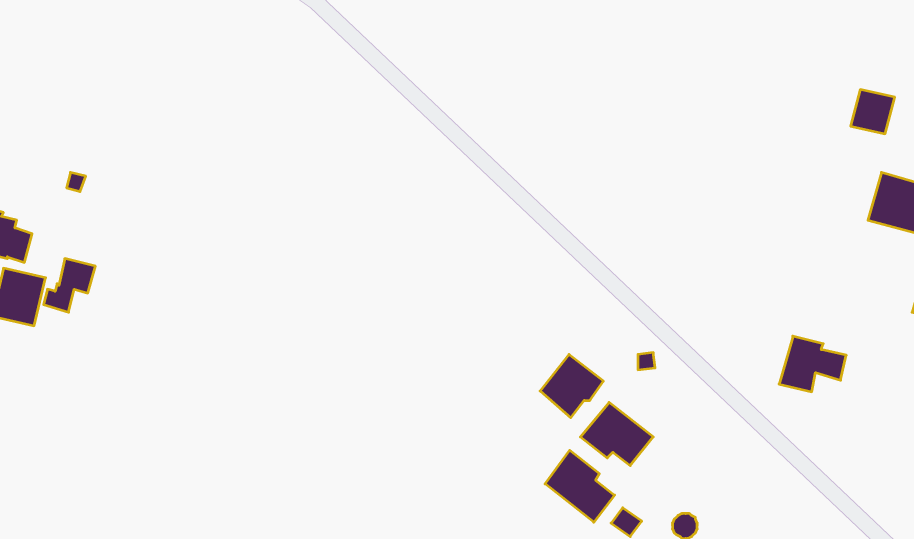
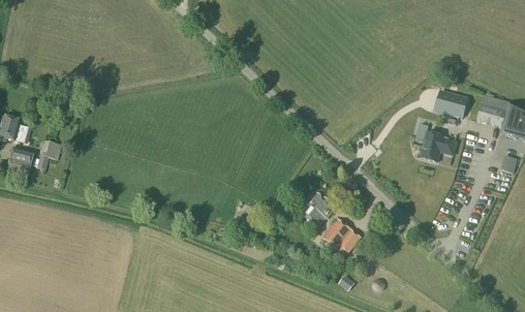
building: [851,90,895,134] -> [443,92,467,116]
building: [779,336,846,392] -> [420,131,456,161]
building: [545,450,615,522] -> none

